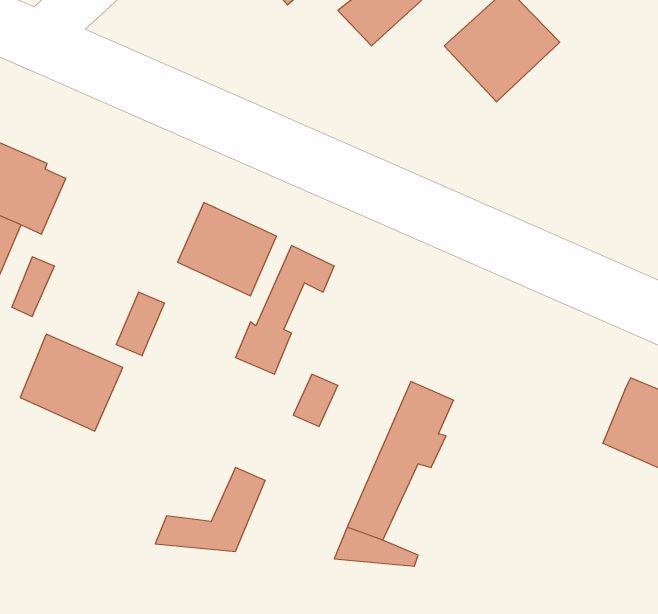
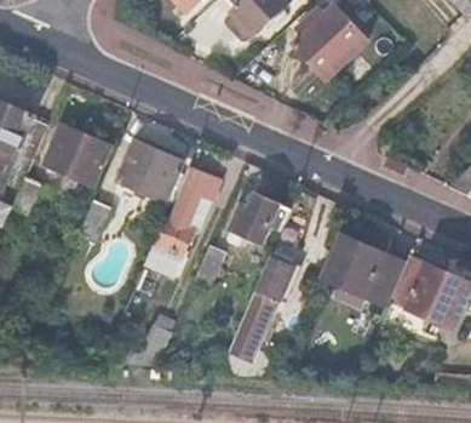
building: none -> [225,195,291,246]
building: [20,334,123,431] -> [42,124,109,187]
building: none -> [321,231,408,305]

